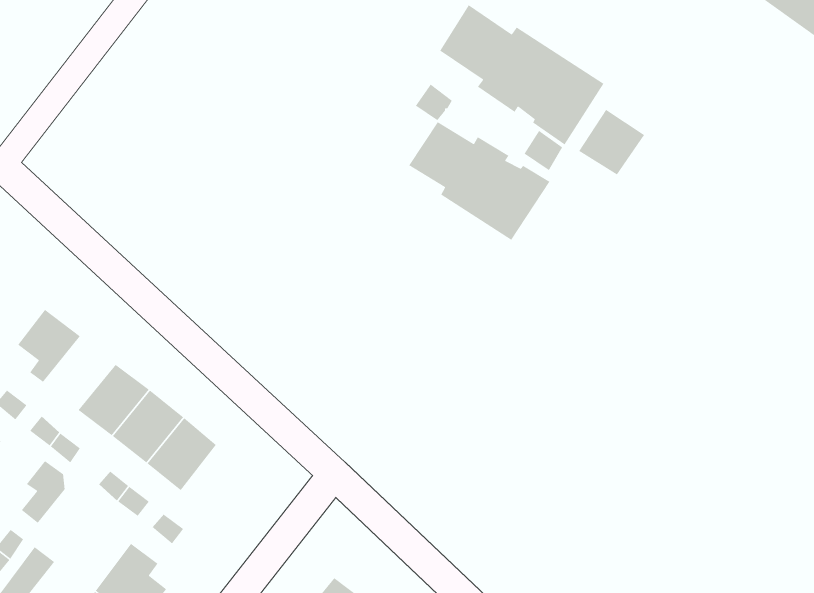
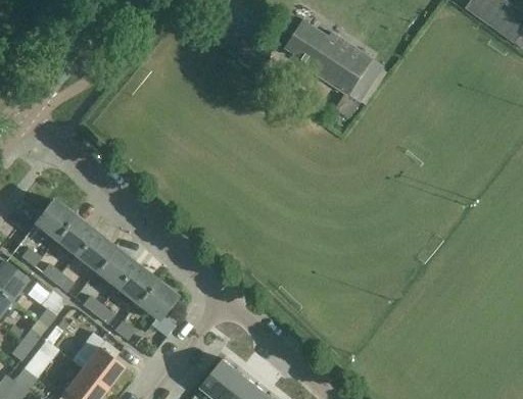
building: [578,109,645,176] -> none
building: [408,121,550,241] -> none
building: none -> [50,216,93,260]
building: none -> [132,281,175,317]

